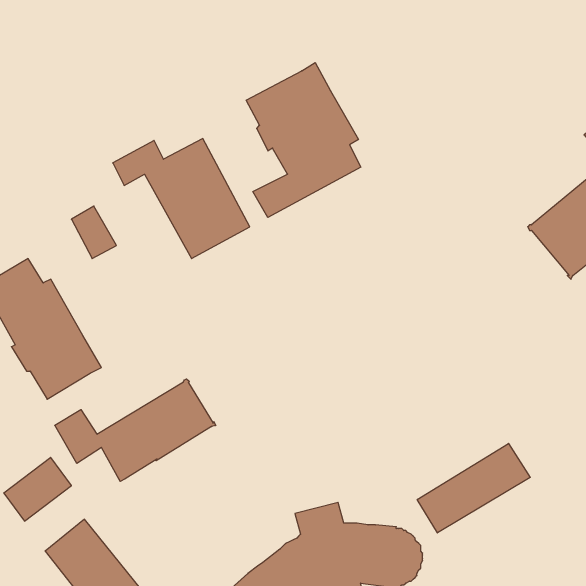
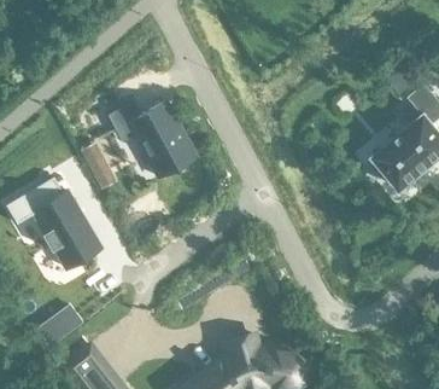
building: [246,63,361,217] -> none
building: [55,379,216,481] -> none
building: [417,443,530,533] -> none

